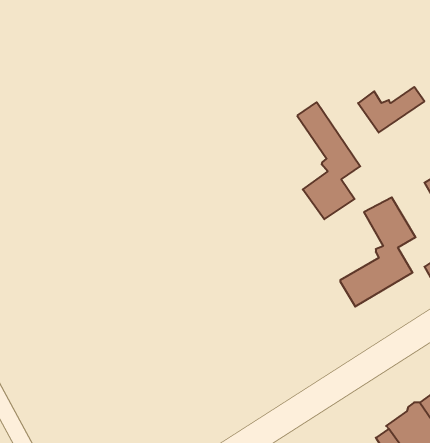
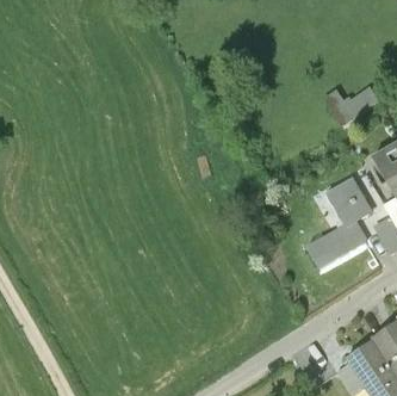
building: [297,102,360,219] -> none

